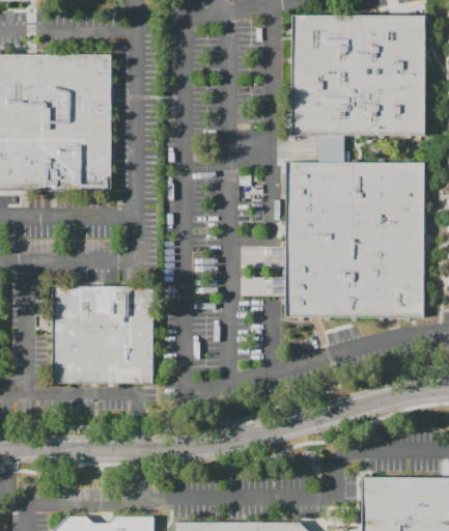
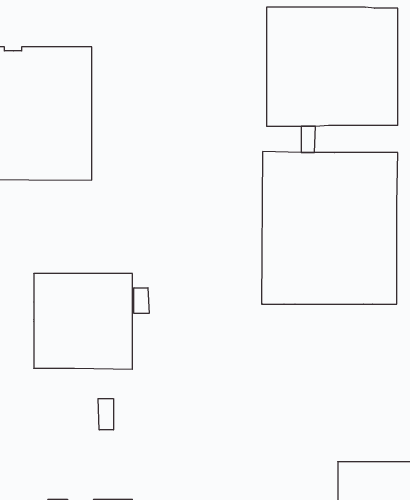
building: none -> [134,288,149,313]
building: none -> [98,399,113,430]

